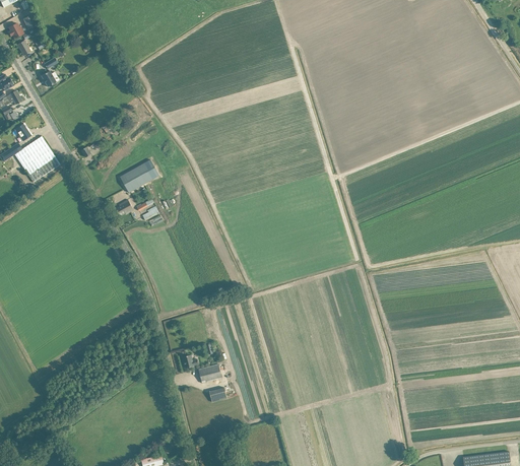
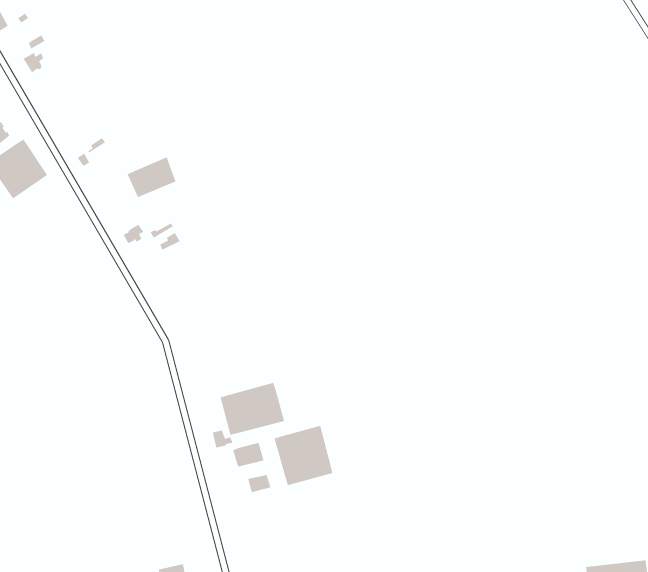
building: none -> [220,382,285,436]
building: none -> [273,425,333,486]

